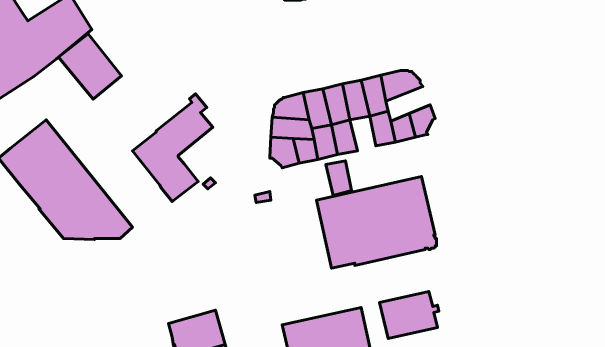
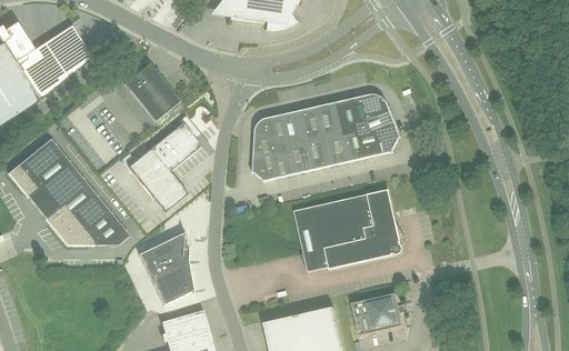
building: [59,34,122,99] -> [122,62,179,121]
building: none -> [356,108,396,139]
building: [326,161,352,196] -> [323,134,347,166]
building: none -> [138,230,193,304]

